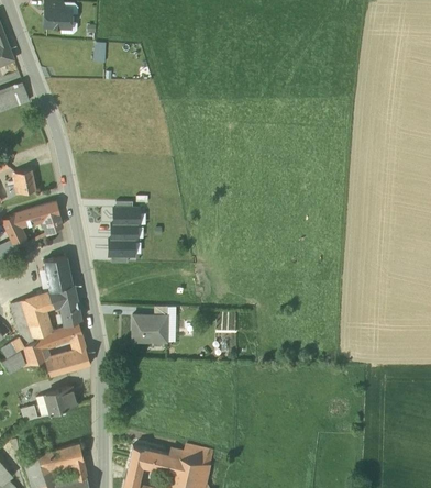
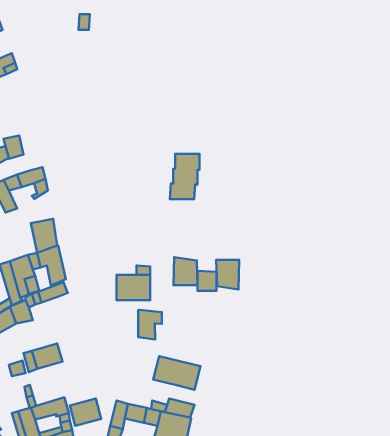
building: [108,208,139,255] -> [170,154,199,199]
building: none -> [173,257,198,285]
building: none -> [216,260,239,290]
building: [44,333,89,375] -> none
building: none -> [138,310,162,339]
building: none -> [153,356,200,390]
building: none -> [70,399,101,426]

